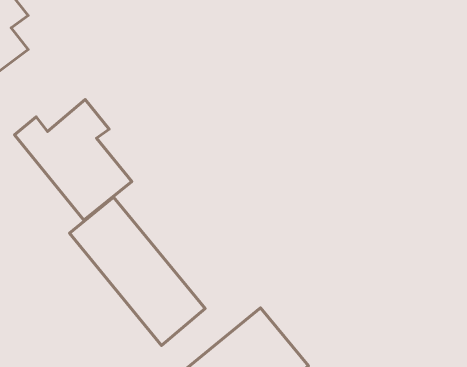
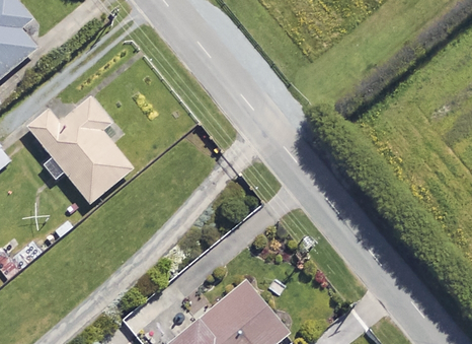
building: [70,197,205,345] -> none

